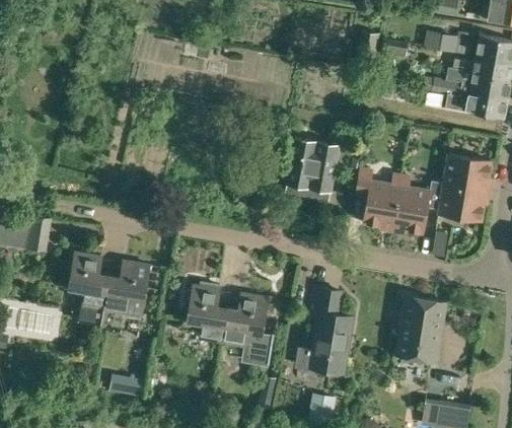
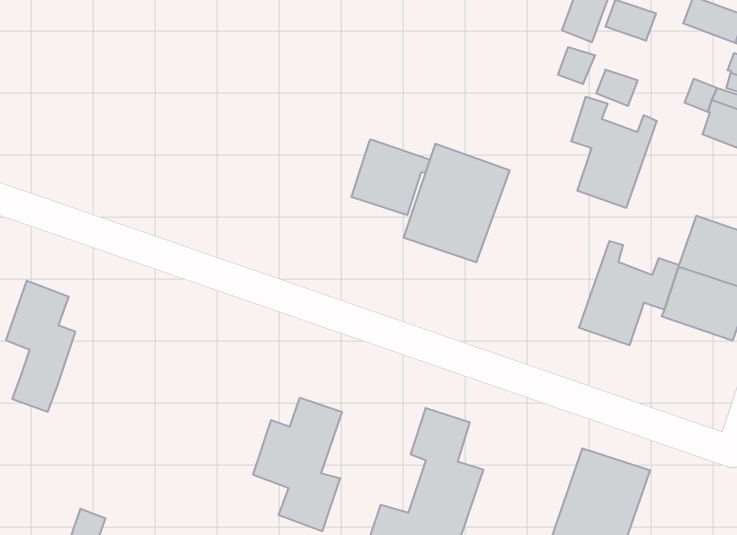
building: none -> [351,139,430,215]
building: [356,169,403,228] -> [571,97,657,208]
building: [104,262,150,313] -> none
building: [189,286,228,342] -> none

